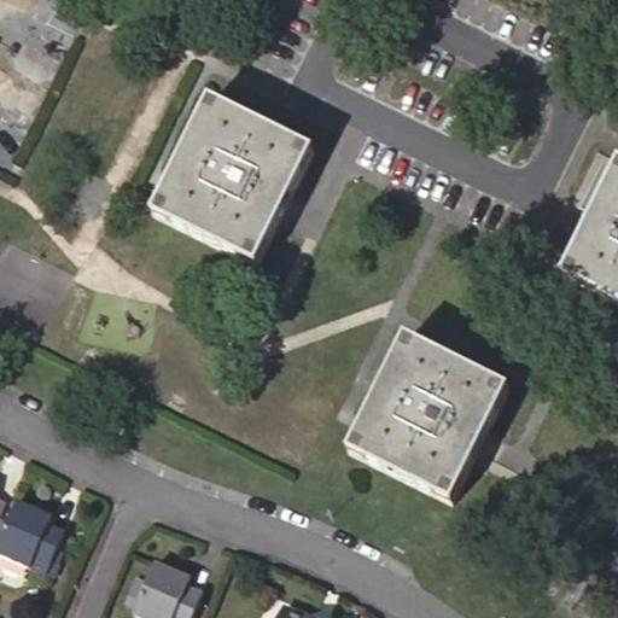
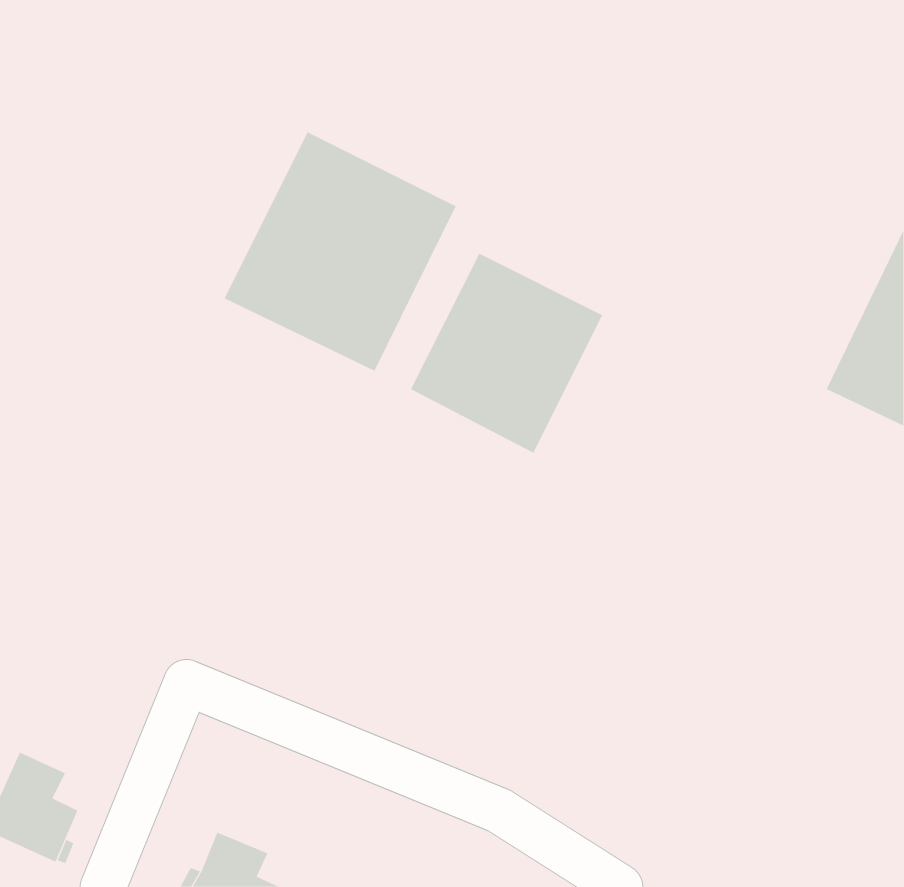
building: none -> [410,253,603,453]
building: [348,327,506,491] -> none

